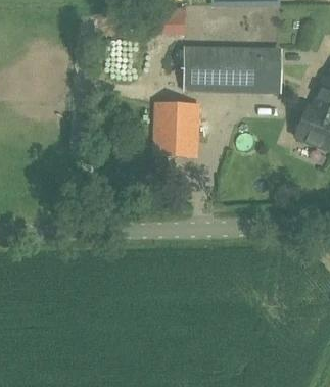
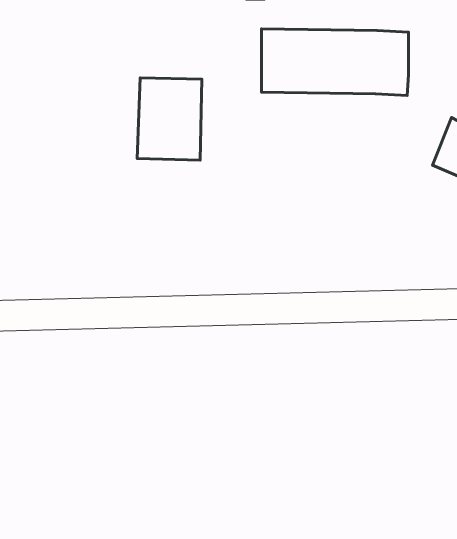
building: [155,102,197,155] -> [137,78,202,160]

